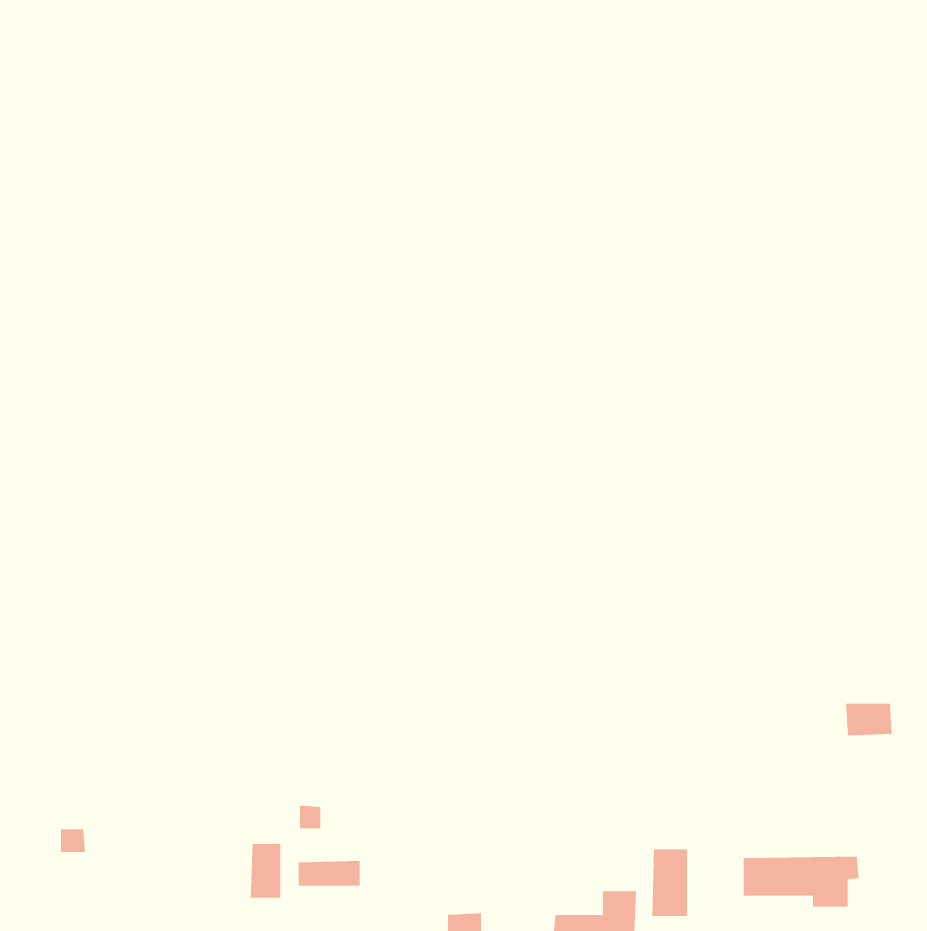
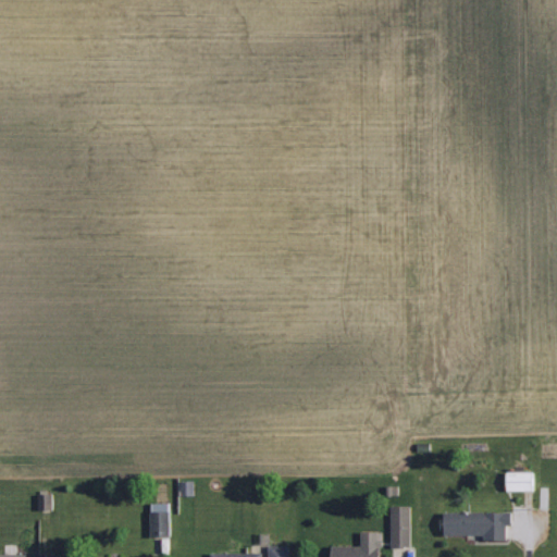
building: [845,703,893,736] -> [505,472,533,492]
building: [298,860,360,887] -> none

